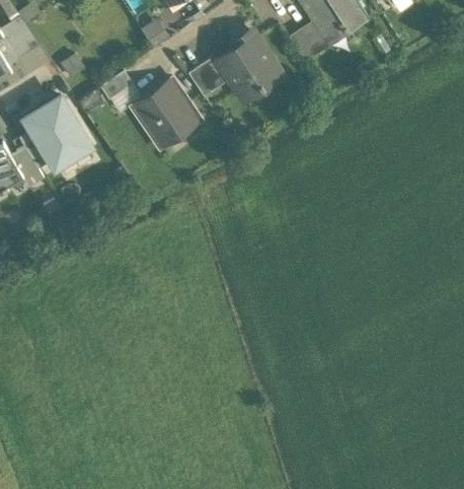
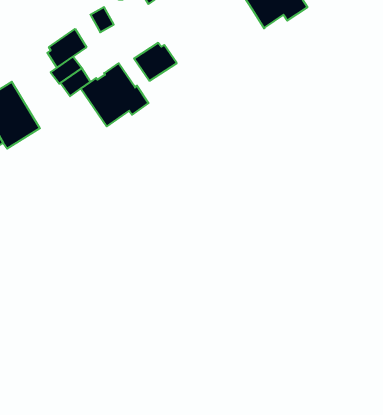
building: [289,21,328,62] -> none
building: [219,30,280,92] -> none
building: none -> [47,29,86,68]

